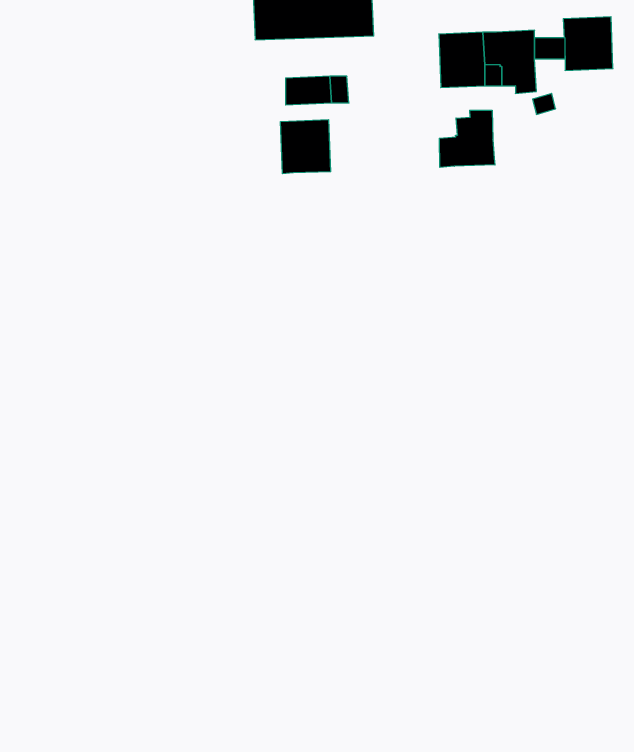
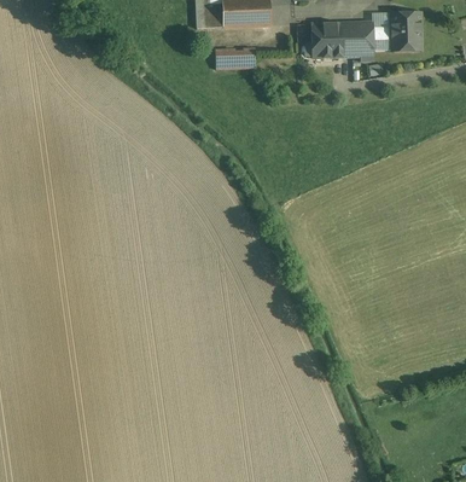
building: [439,110,495,167] -> none
building: [281,120,331,174] -> none

